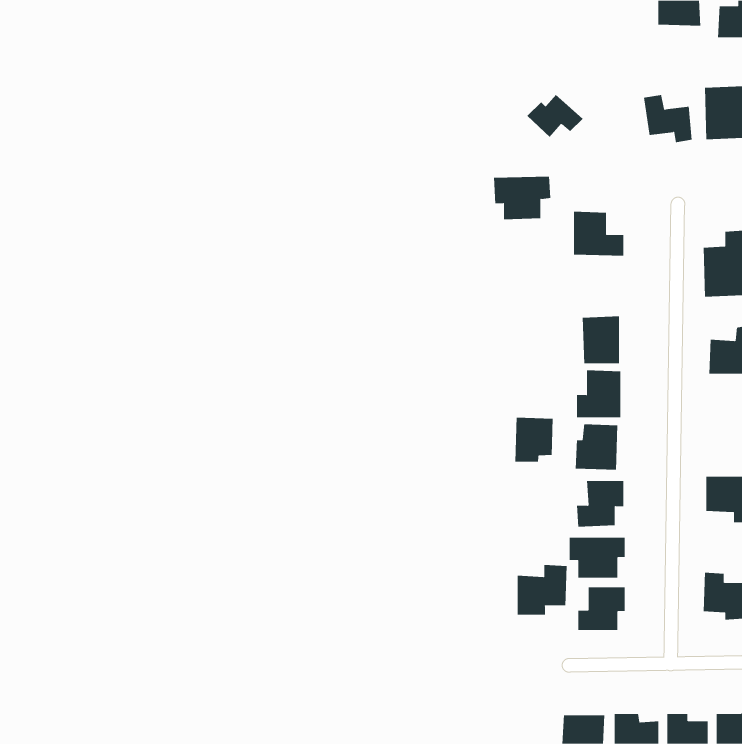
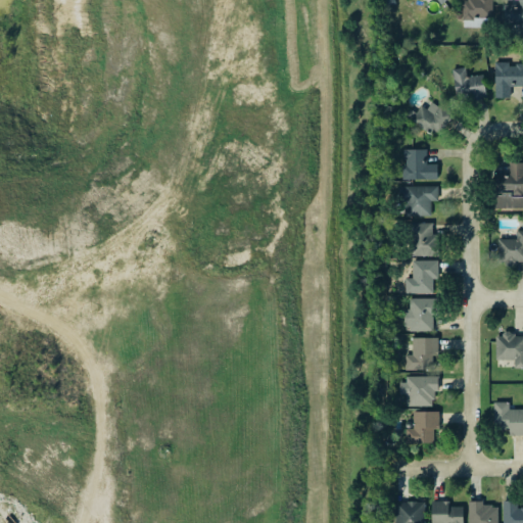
building: [527,94,583,138] -> [414,100,454,131]
building: [493,176,551,220] -> [398,185,439,216]
building: [515,417,553,462] -> none
building: [517,564,567,615] -> none

